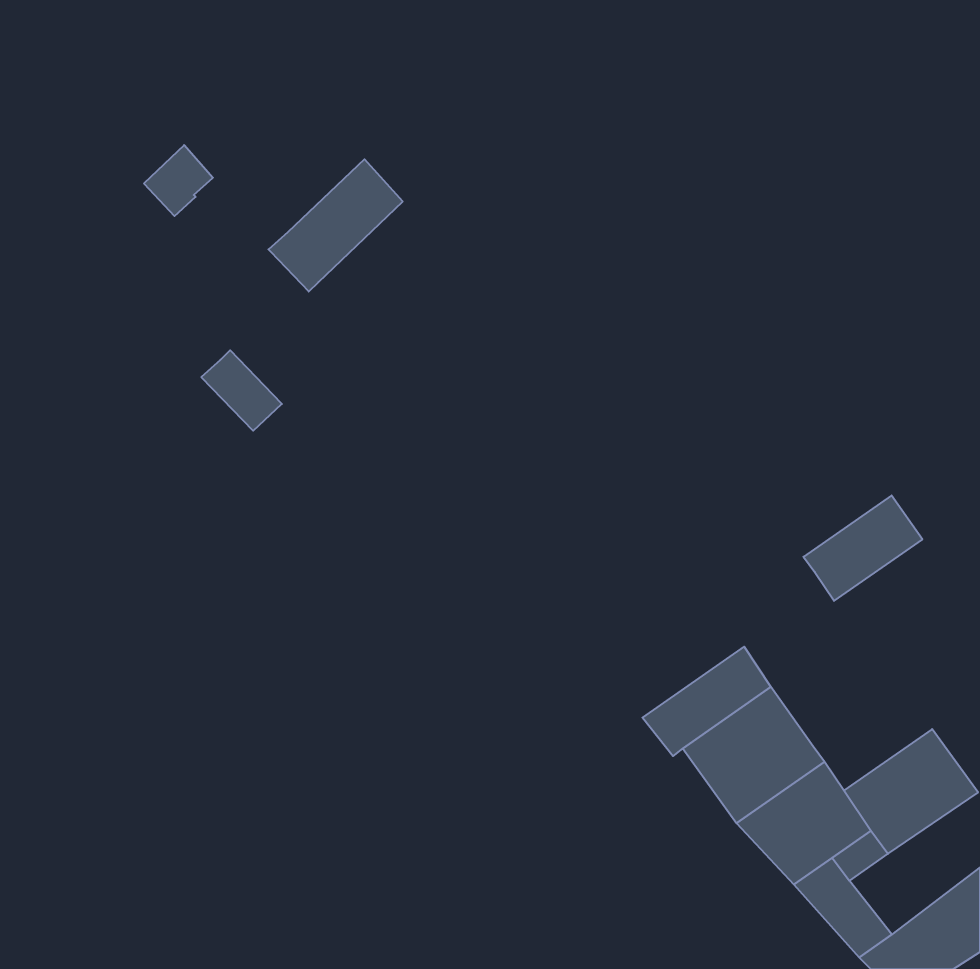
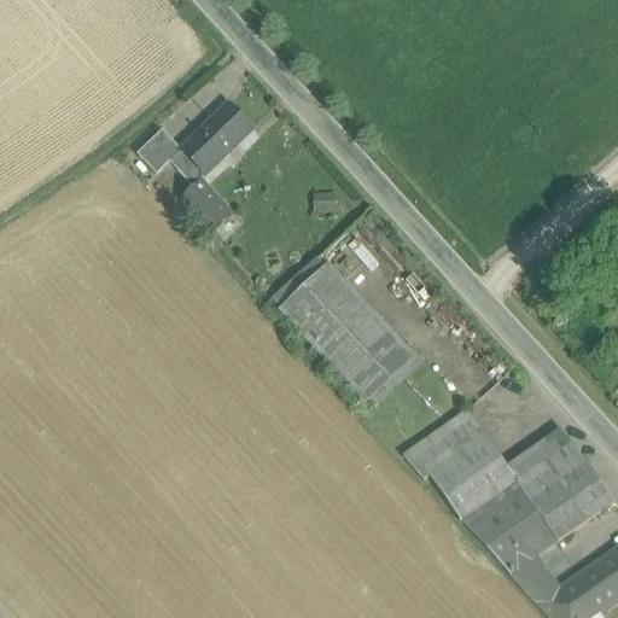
building: [144,145,213,216] -> [138,126,181,170]
building: [201,350,282,431] -> [182,177,233,228]
building: none -> [285,267,410,395]
building: [803,495,922,601] -> [512,431,587,497]

